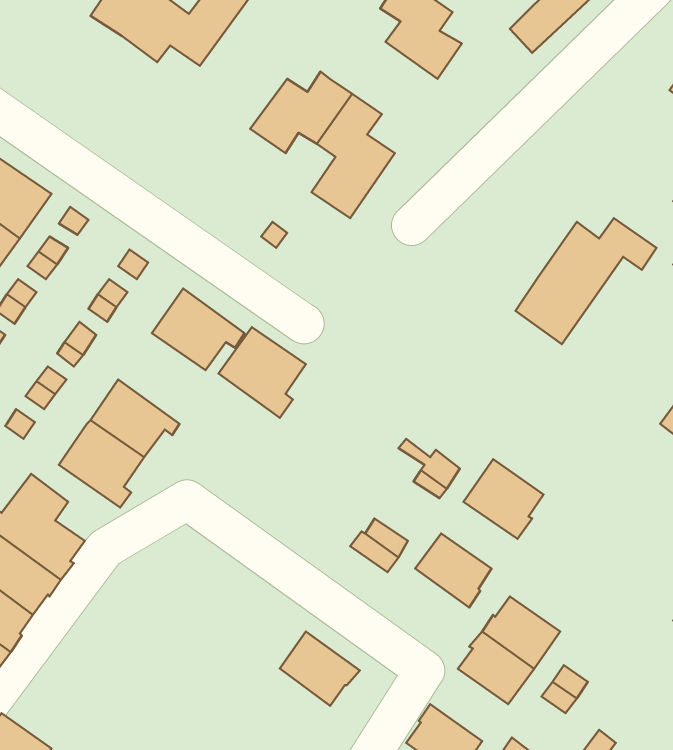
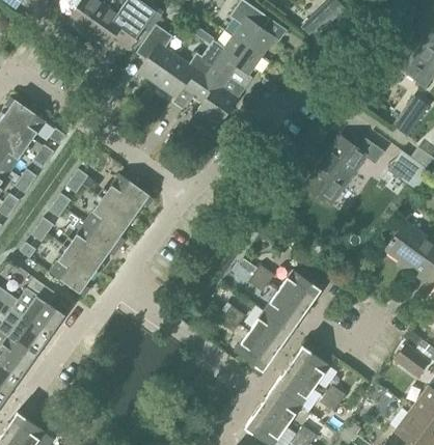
building: none -> [136,25,178,85]
building: none -> [201,36,262,77]
building: [219,327,306,418] -> [83,199,132,250]
building: none -> [264,294,306,331]
building: [280,632,360,706] -> [235,331,279,372]
building: none -> [257,387,301,427]

